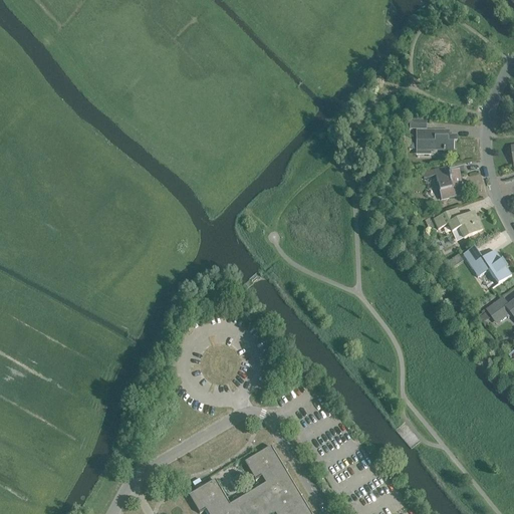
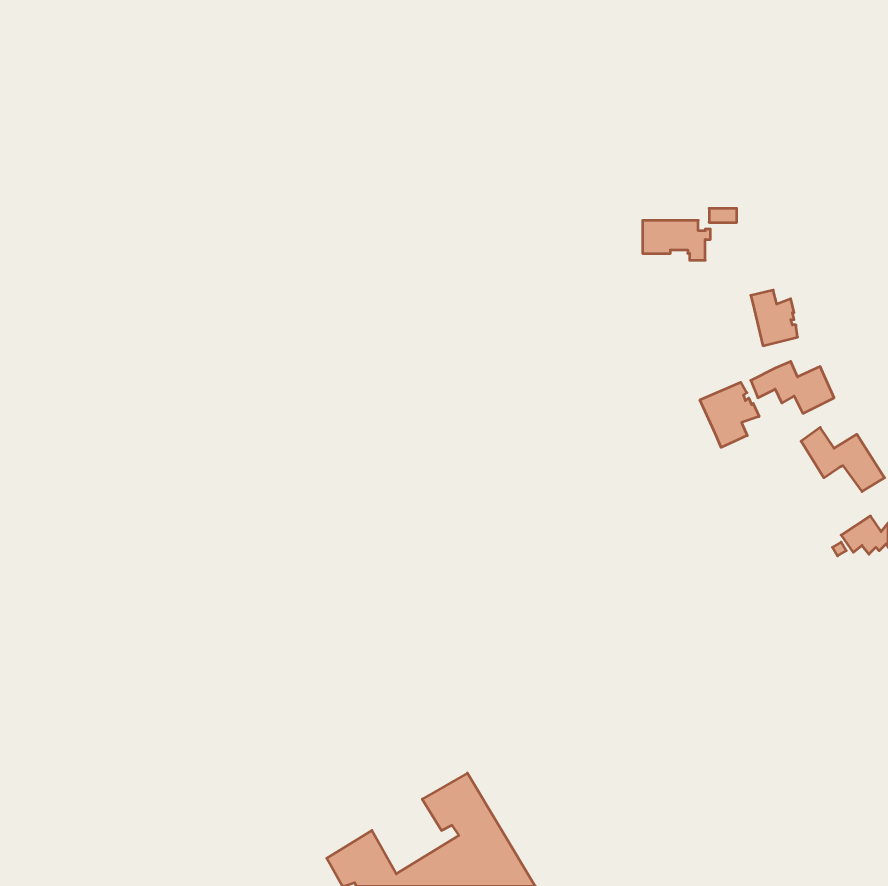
building: [417,131,456,154] -> [643,220,710,260]
building: none -> [700,382,759,447]

